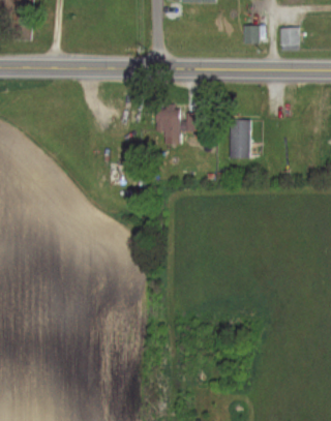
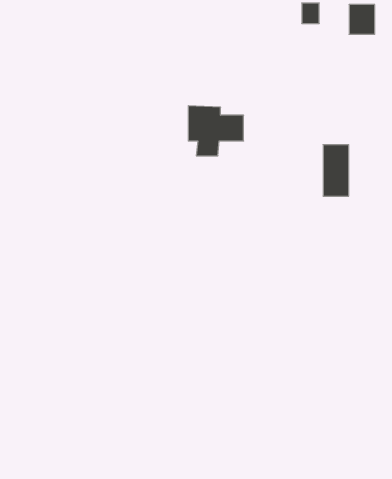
building: [231,119,250,158] -> [323,145,349,196]

